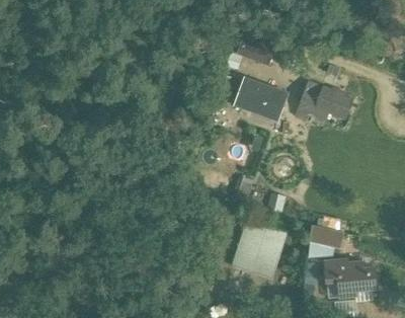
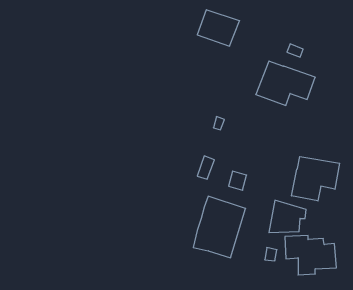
building: [233,77,288,123] -> none
building: none -> [292,157,340,201]

